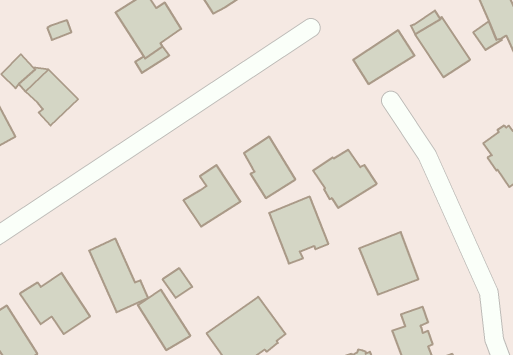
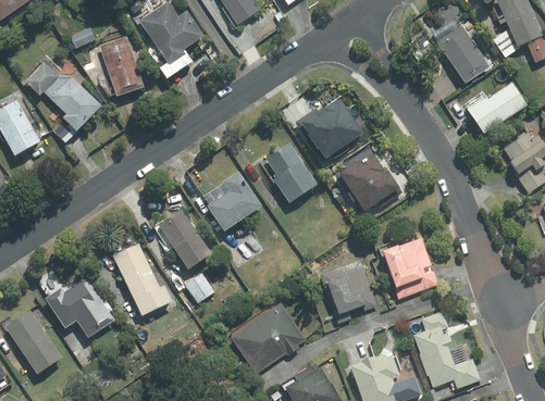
building: none -> [100,36,144,97]
building: [353,30,415,84] -> [468,80,529,134]
building: none -> [296,100,362,161]
building: [269,197,328,264] -> [320,258,379,324]
building: [138,290,190,350] -> [159,209,211,268]

